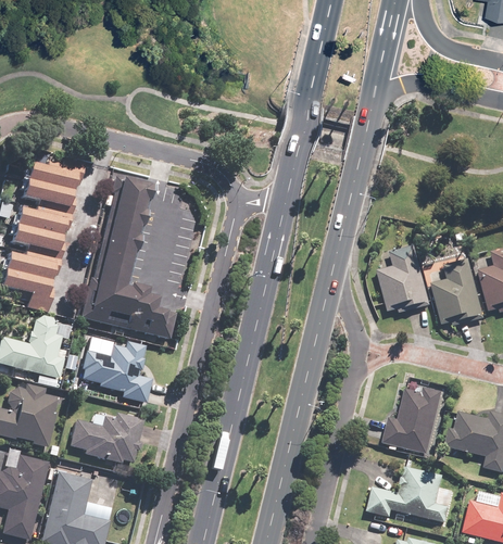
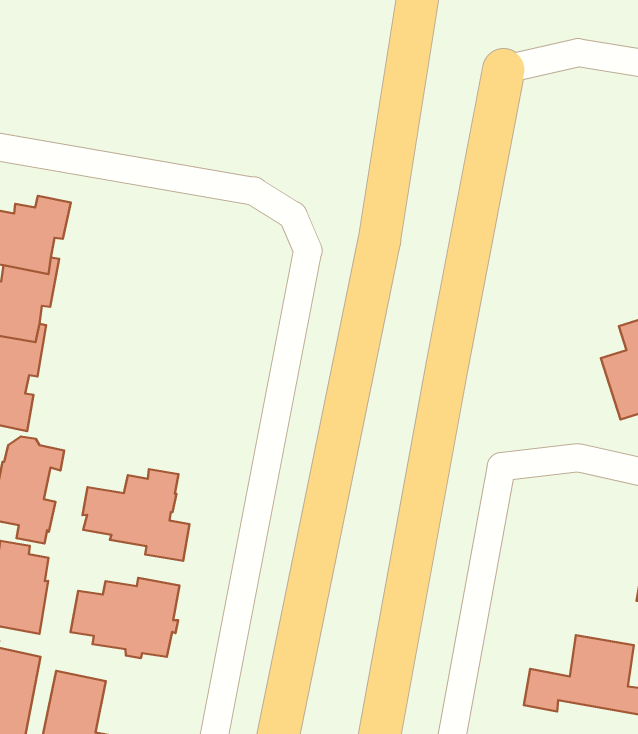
building: [80,176,176,339] -> none
building: [376,244,430,312] -> none
building: [382,387,442,452] -> none

